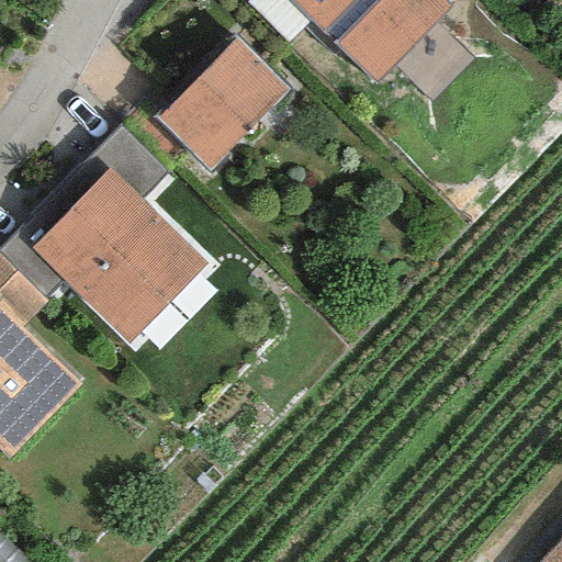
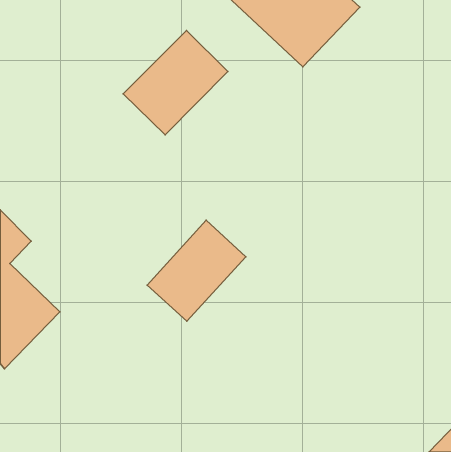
building: [38,175,203,336] -> none
building: none -> [147,220,246,321]

